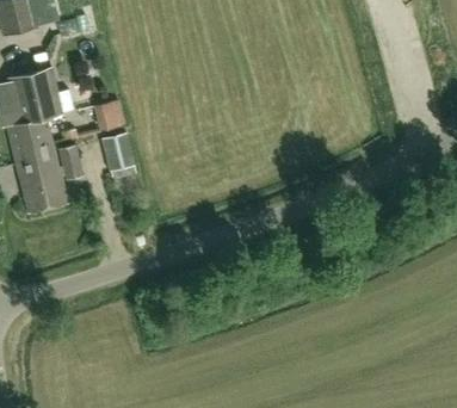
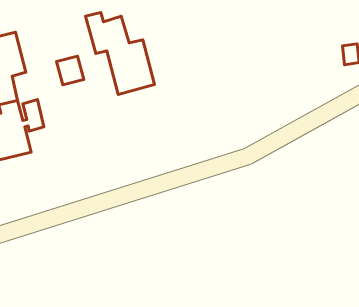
building: none -> [86,12,154,94]
building: [100,132,134,171] -> none

